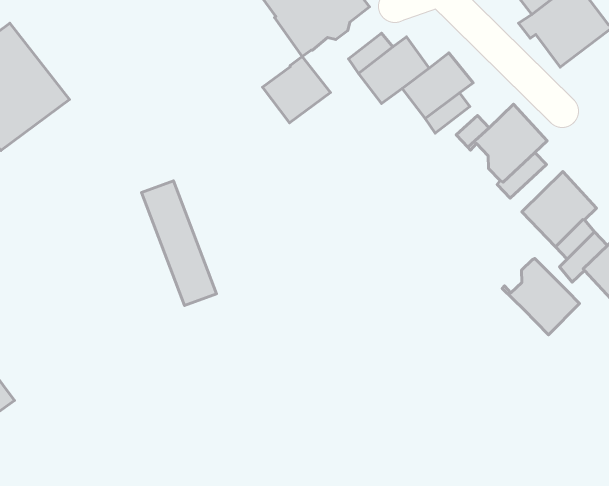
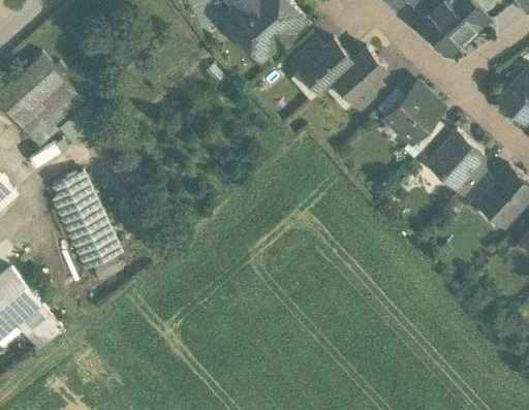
building: [262,56,331,123] -> none
building: [142,181,216,305] -> [54,176,115,266]
building: [502,259,579,335] -> none

